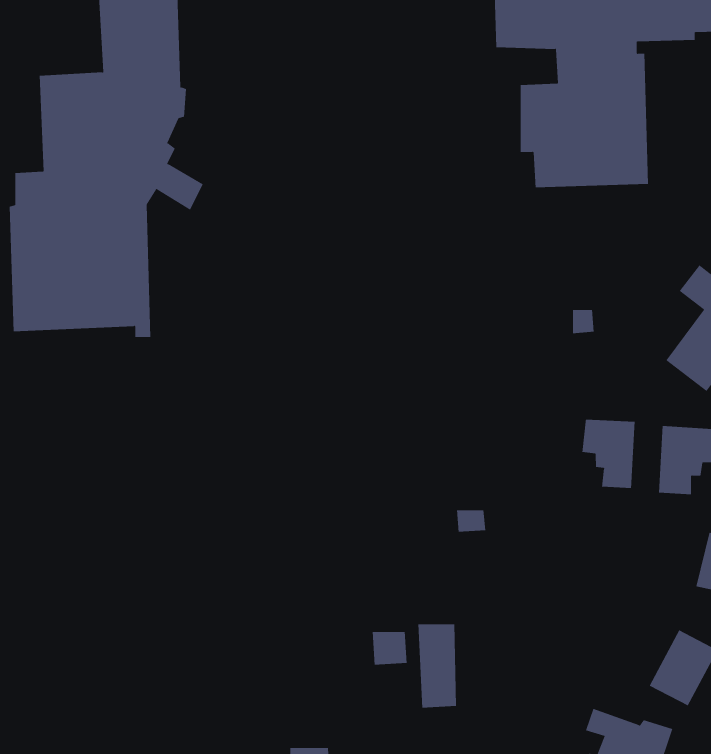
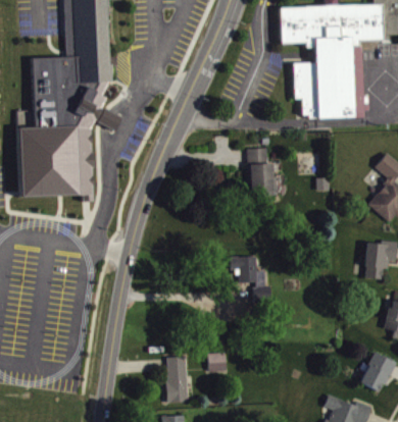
building: none -> [249,149,272,197]
building: [582,419,635,489] -> none
building: none -> [231,257,266,284]
building: [418,624,457,708] -> [166,358,188,404]

